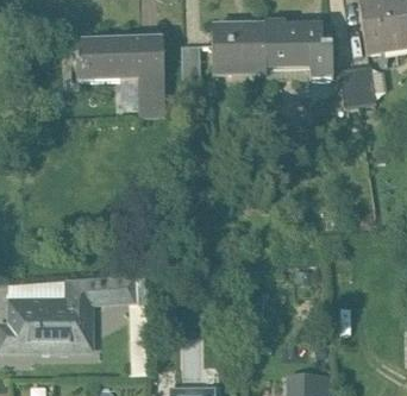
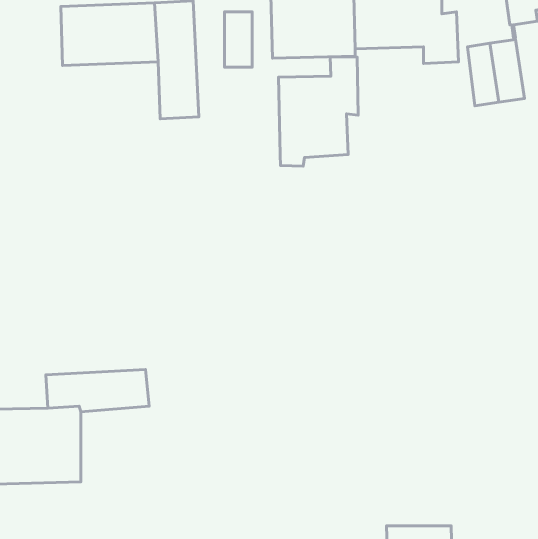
building: none -> [278,57,358,166]

